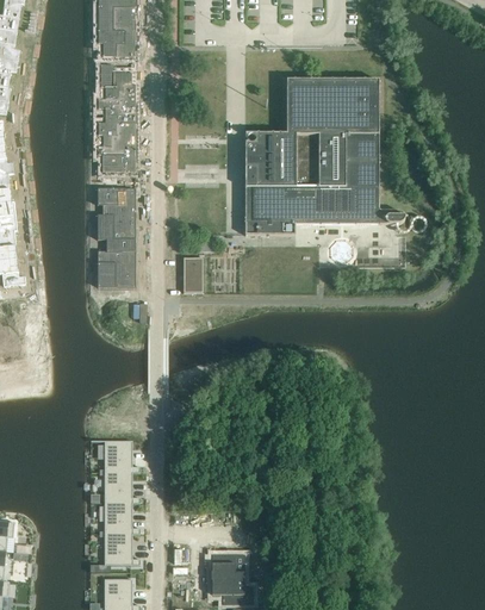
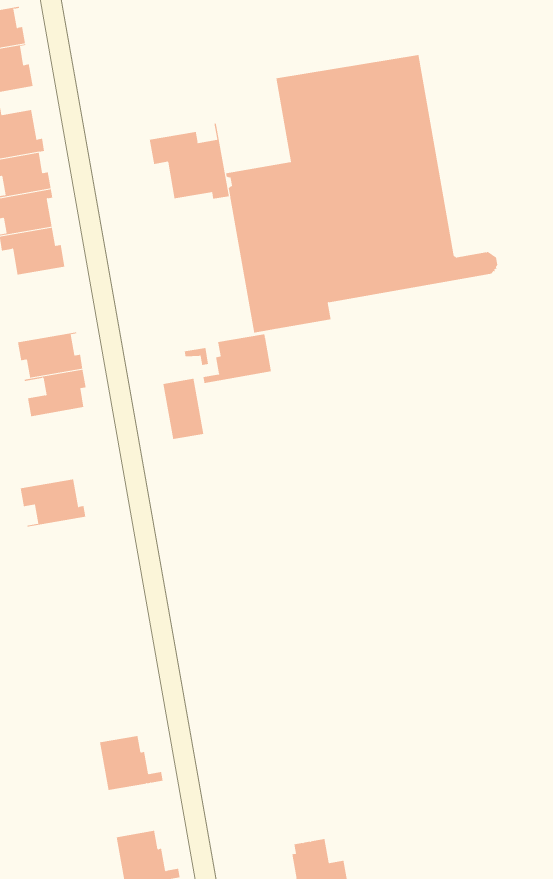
building: none -> [149,123,229,200]
building: [98,188,136,214] -> none
building: none -> [203,333,271,384]
building: [98,262,136,287] -> [20,479,86,527]
building: [105,440,141,472] -> none
building: [105,503,141,534] -> none

